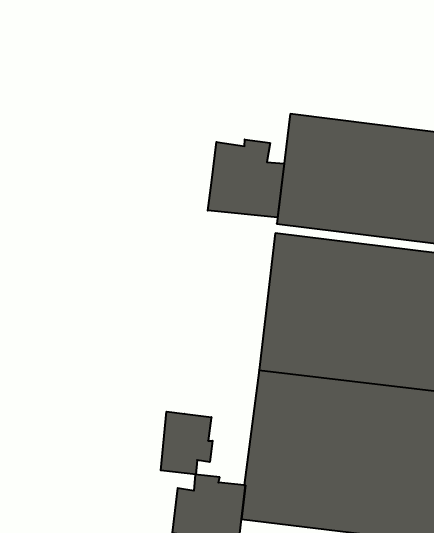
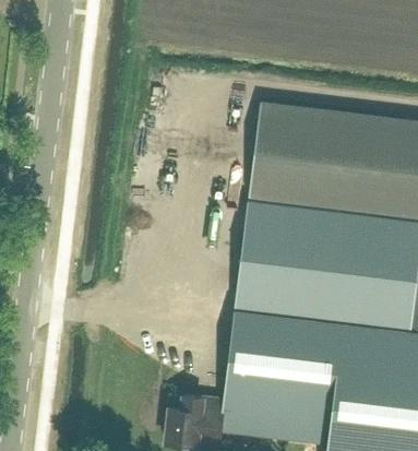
building: [208,139,284,217] -> none
building: [161,412,213,475] -> none

